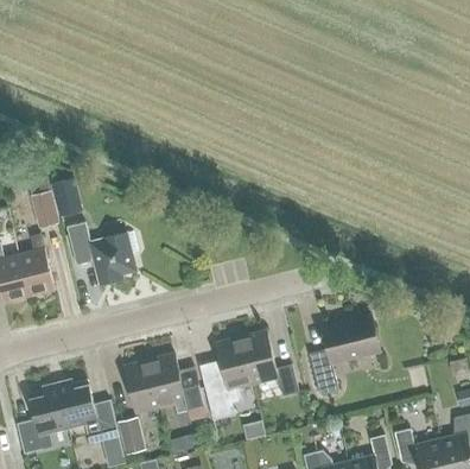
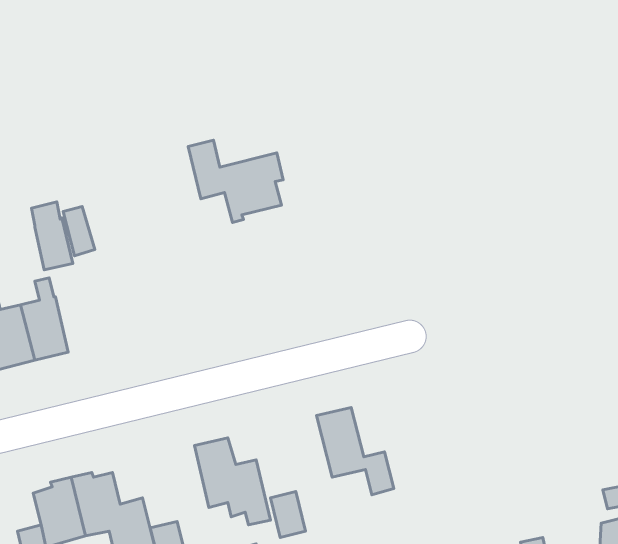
building: [66,222,138,284] -> [188,140,283,223]
building: [309,315,381,395] -> none
building: [216,337,253,389] -> none
building: [123,360,160,413] -> none

